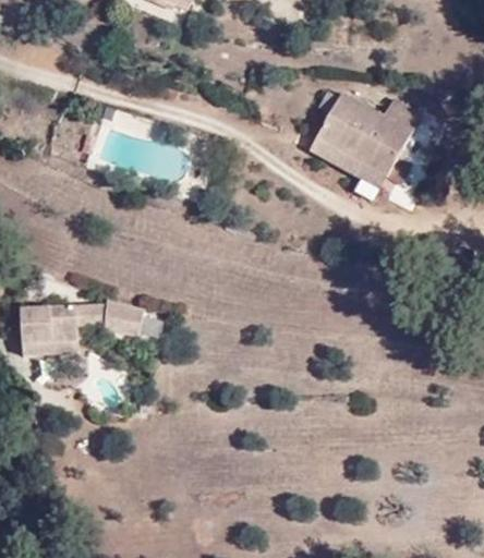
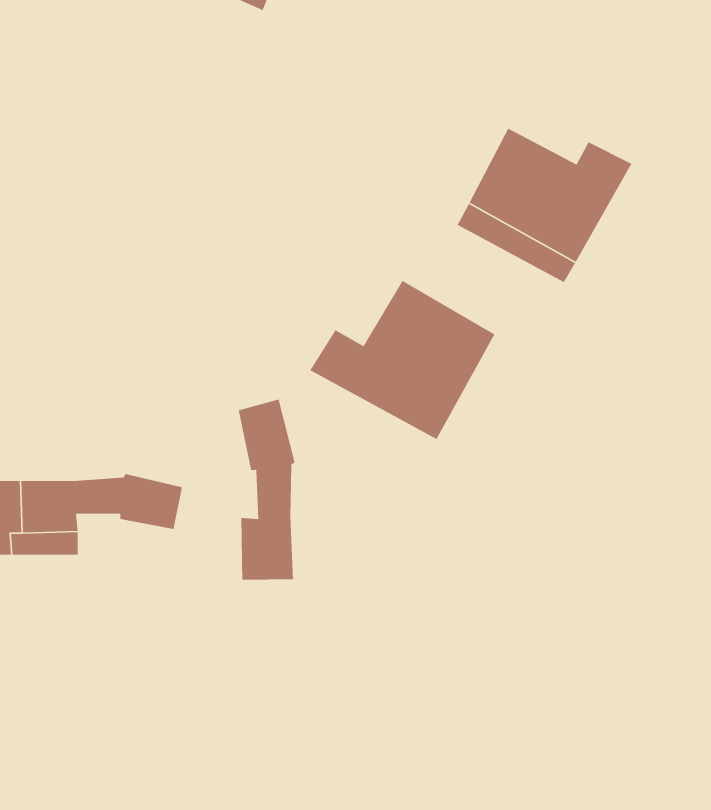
building: none -> [309,280,495,440]
building: none -> [238,398,295,580]

